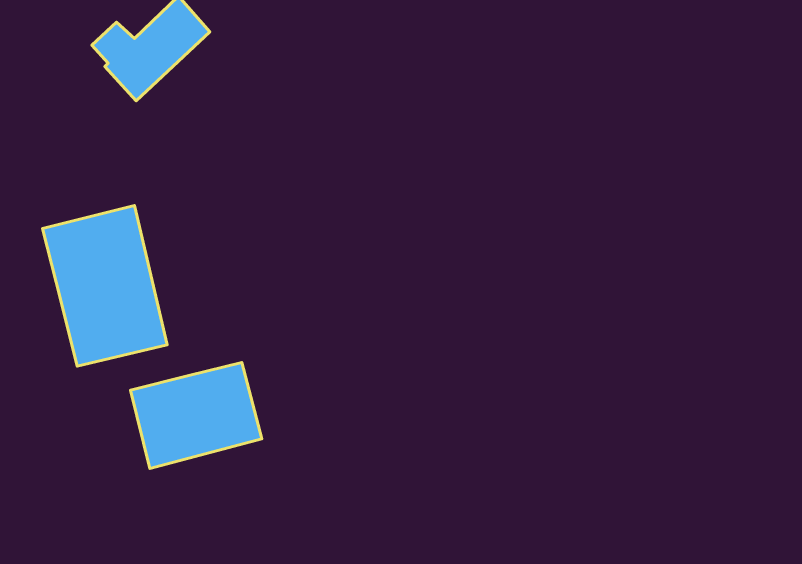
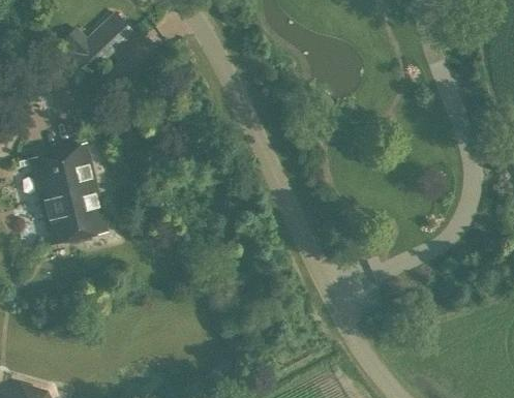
building: [130,362,262,468] -> none

